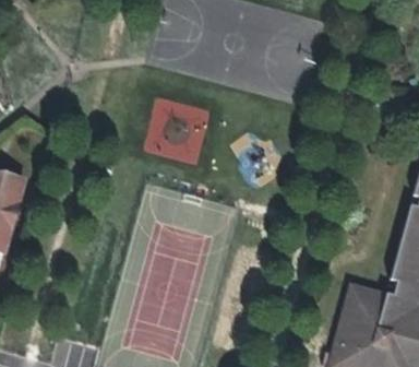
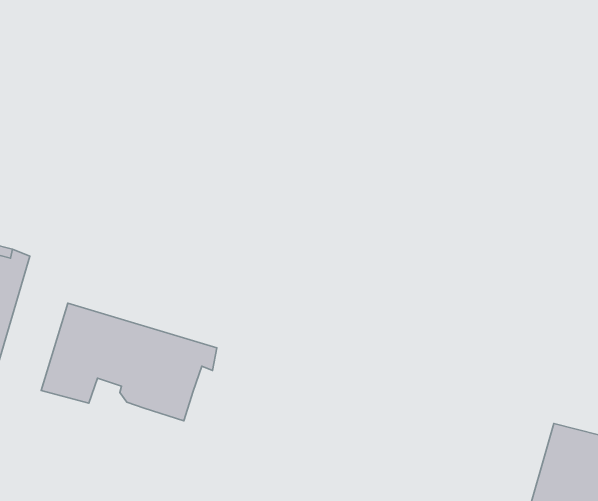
building: none -> [41,303,217,421]

